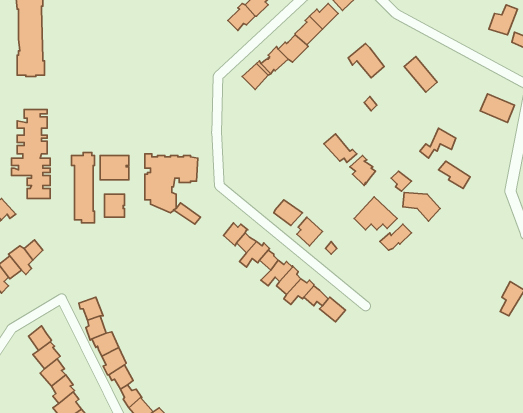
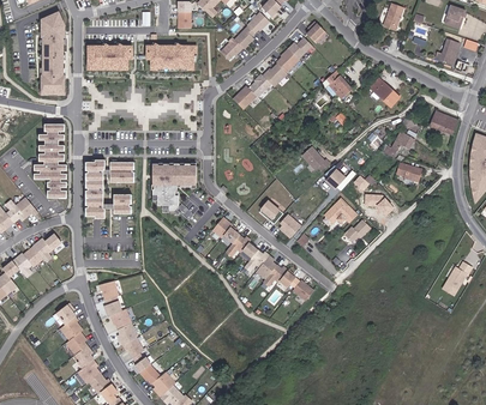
building: none -> [146,42,197,68]
building: none -> [88,44,132,69]

